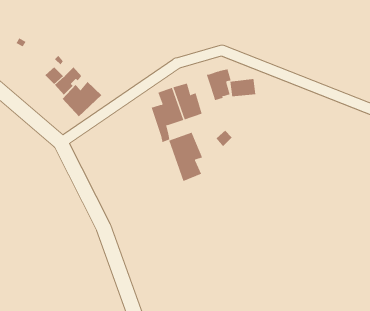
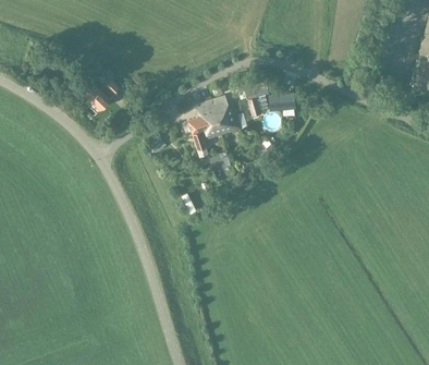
building: [62,81,102,117] -> none
building: [168,132,203,182] -> none

